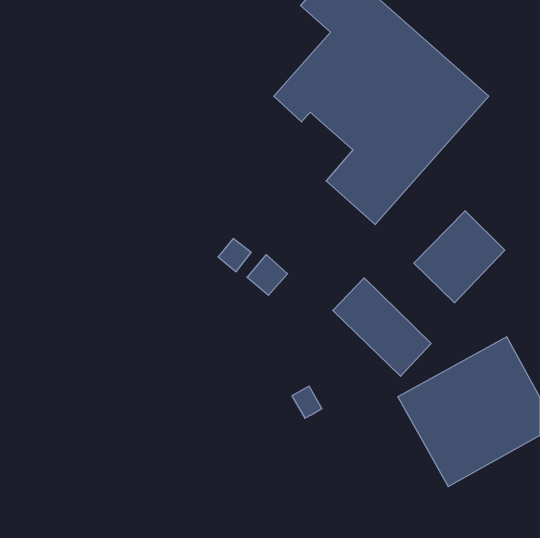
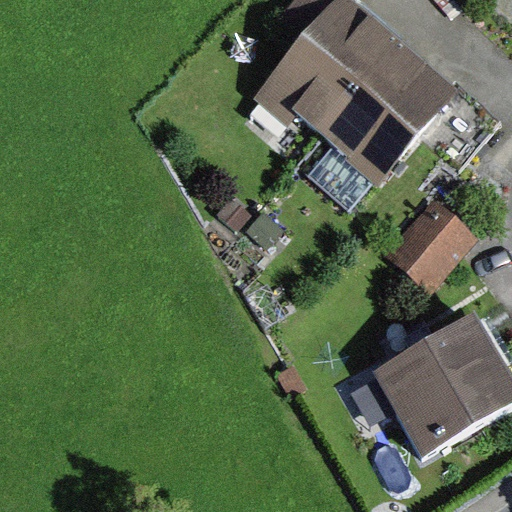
building: [333,278,431,376] -> none

